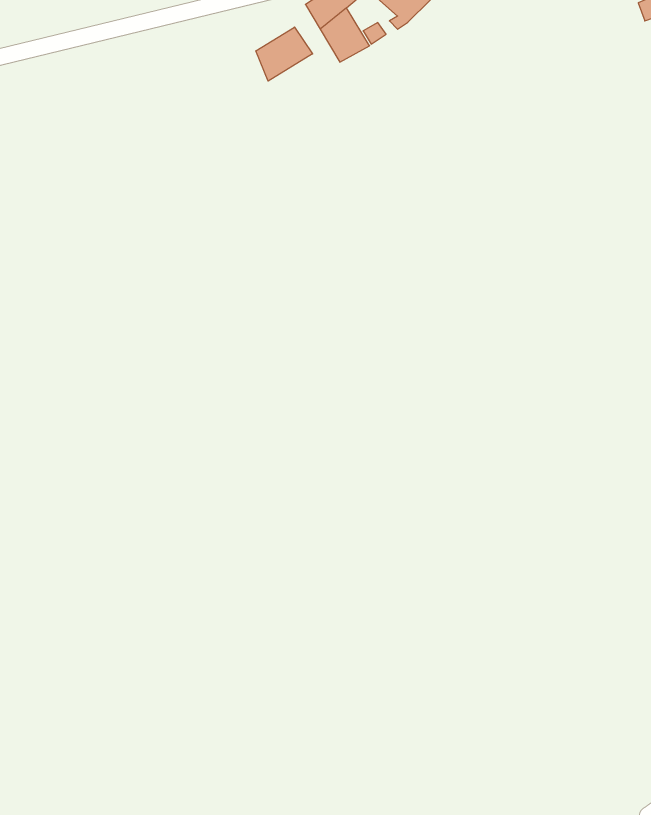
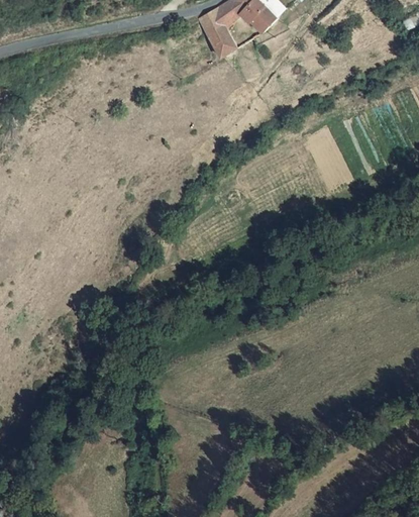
building: [256,27,313,81] -> none

